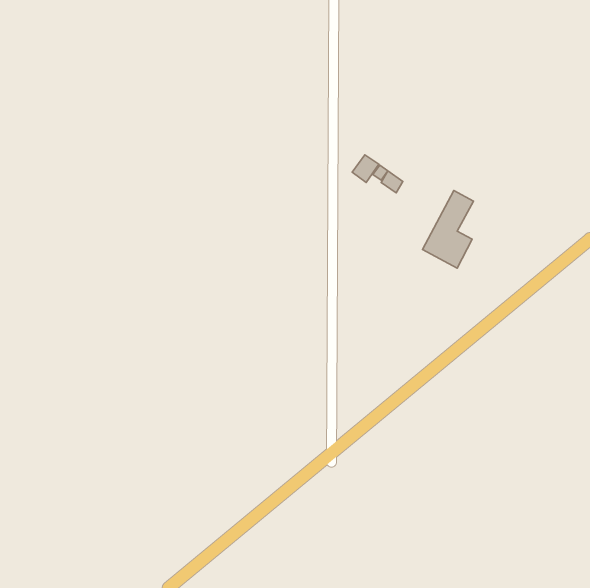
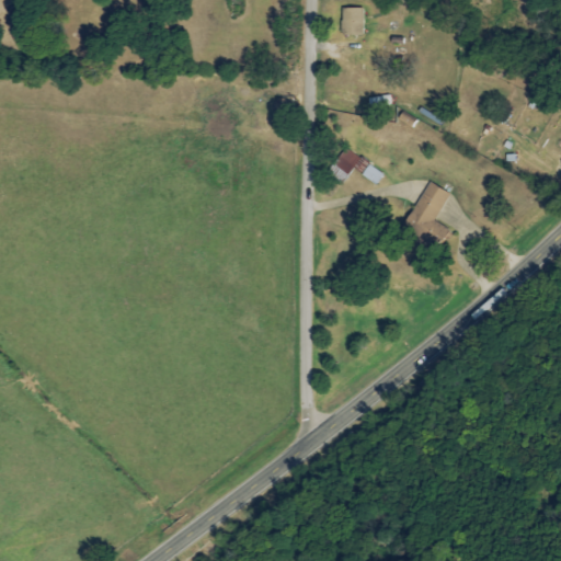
building: none -> [342,5,364,33]

